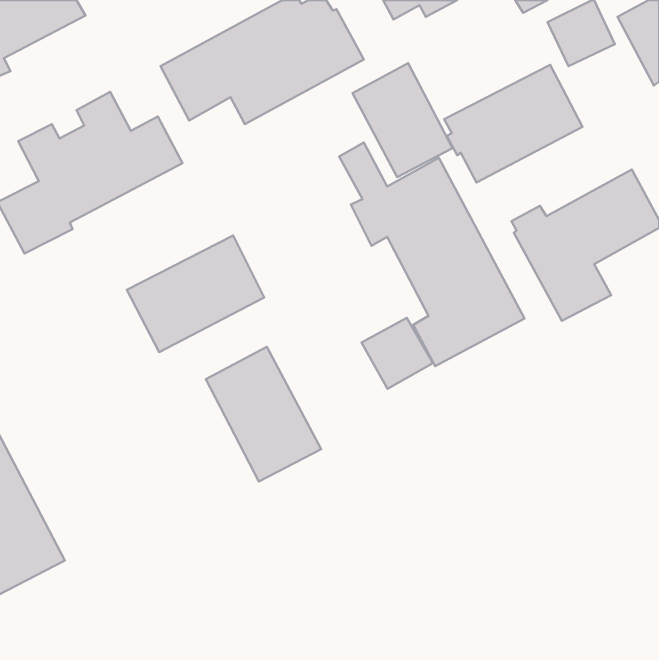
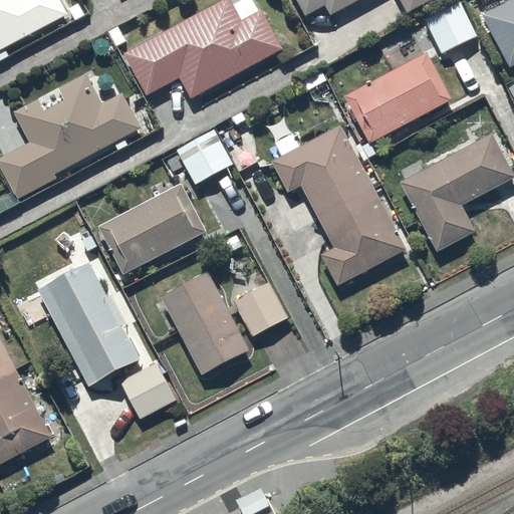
building: [352,63,452,177] -> none
building: none -> [176,128,232,184]
building: [362,318,433,389] -> [233,281,288,336]
building: none -> [38,261,141,386]
building: none -> [119,360,177,419]

